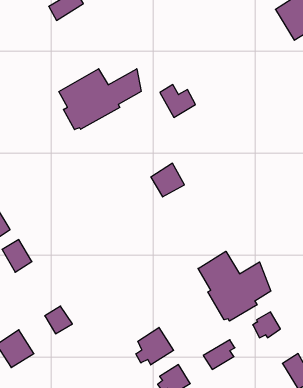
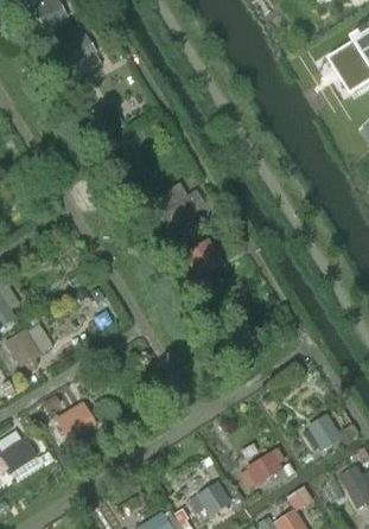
building: [59,69,141,130] -> none
building: [160,85,195,117] -> [151,191,193,230]
building: [198,251,271,321] -> none
building: [136,327,174,365] -> none

